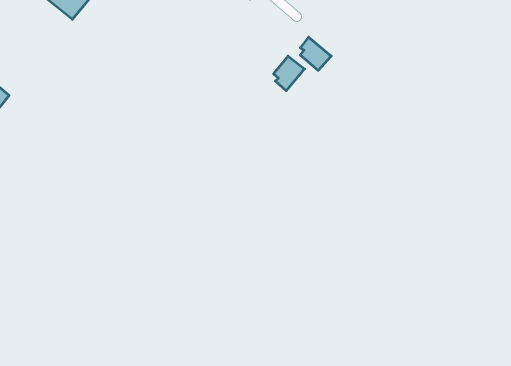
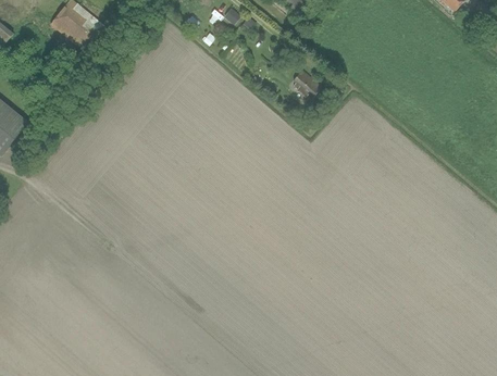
building: [274,56,305,91] -> none

